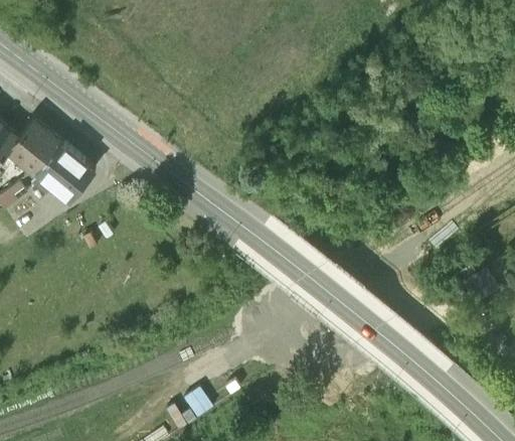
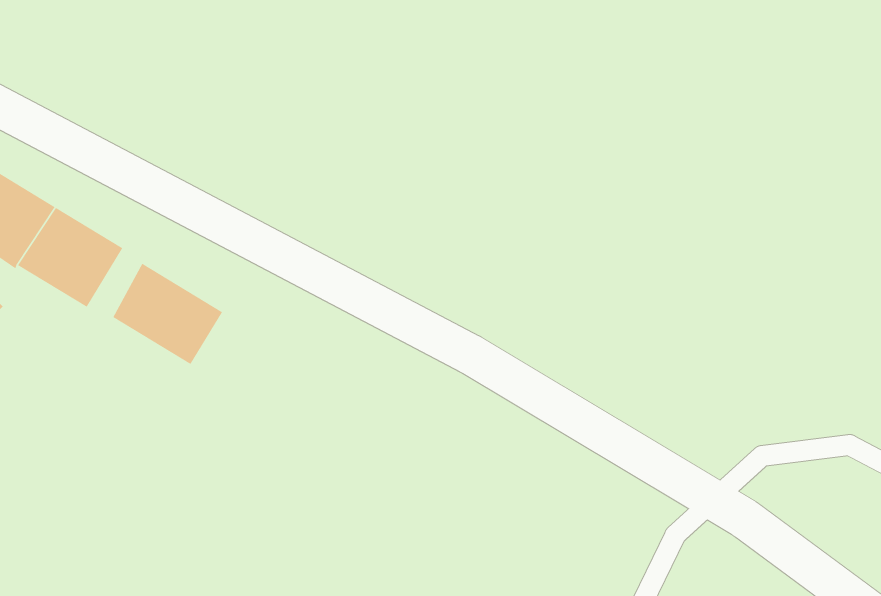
building: none -> [113,263,223,365]

